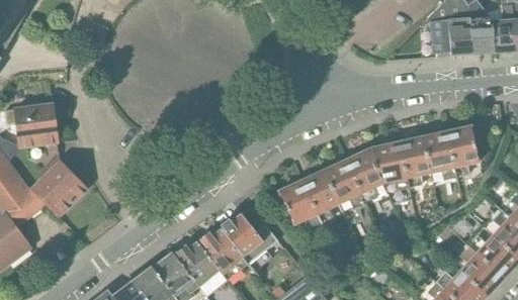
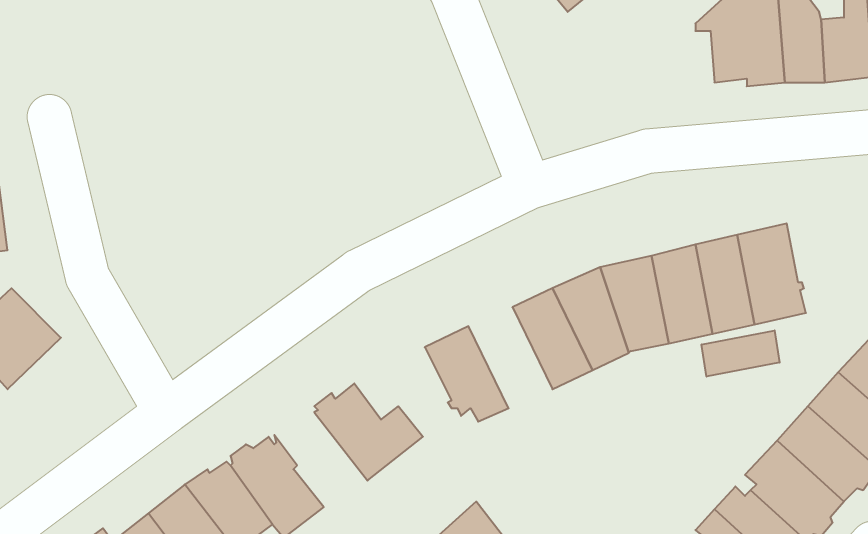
building: [303,171,347,224] -> none
building: none -> [702,330,780,377]
building: [199,226,249,280] -> none

